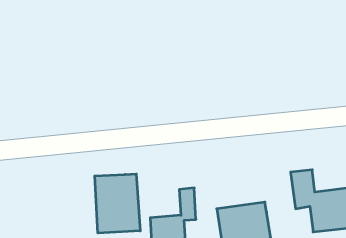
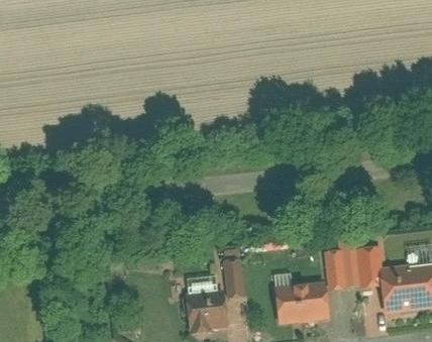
building: none -> [321,232,361,290]
building: [95,174,140,233] -> none

